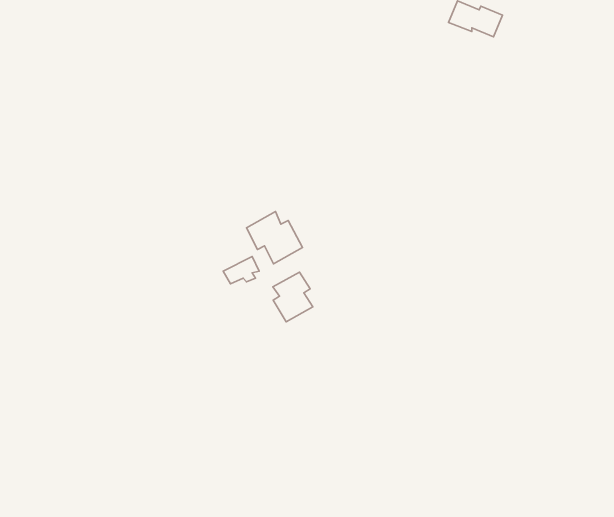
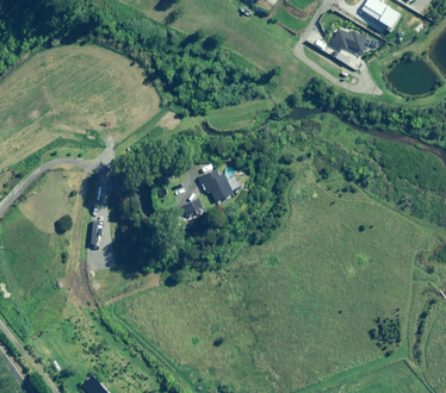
building: [273,272,313,322] -> none

